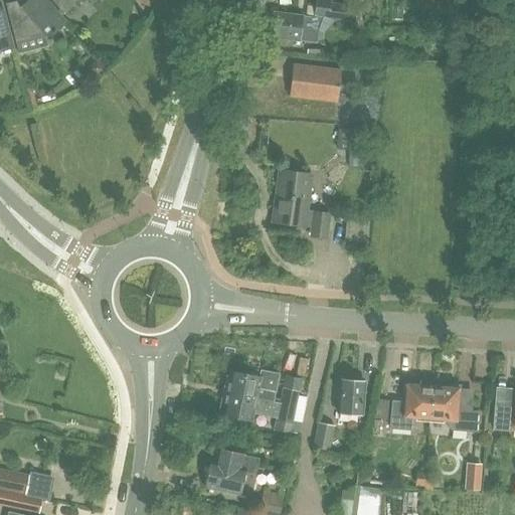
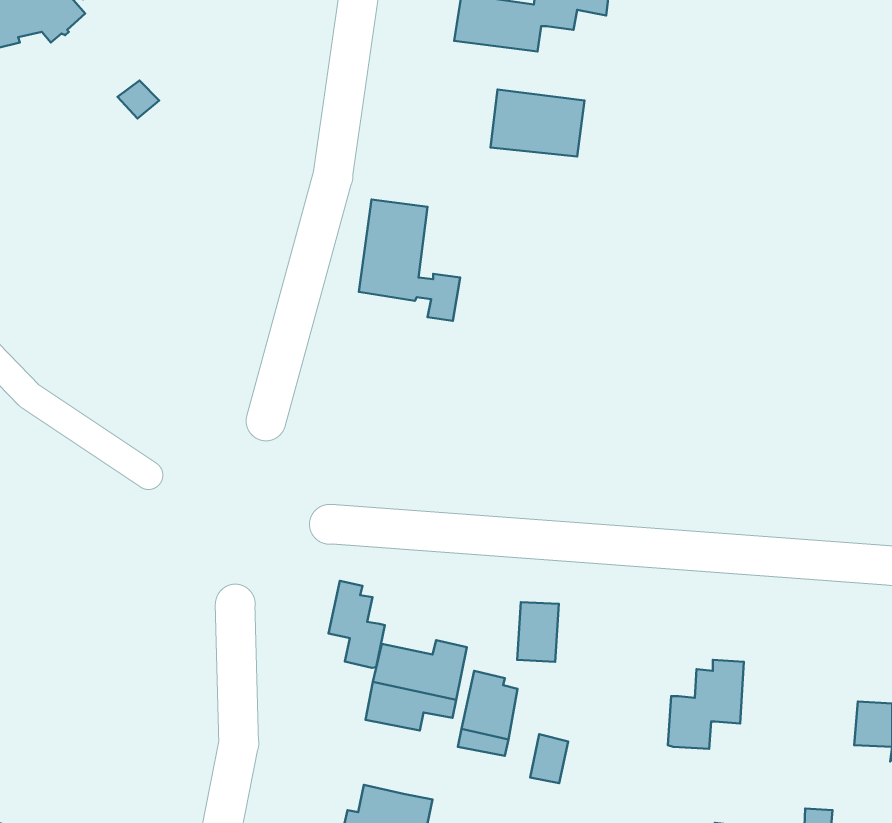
building: [274,170,330,237] -> [359,200,460,321]
building: none -> [328,581,385,668]
building: [339,379,362,412] -> [517,602,559,662]
building: [430,381,480,432] -> none

